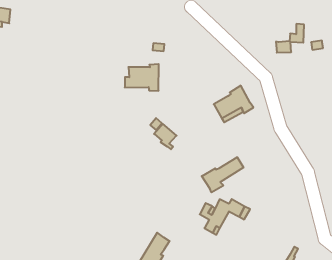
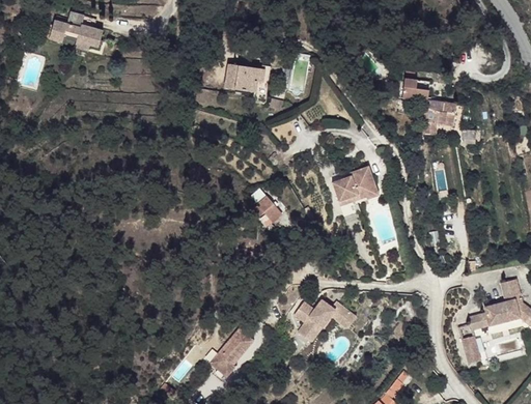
building: none -> [402,78,447,120]
building: [125,64,159,91] -> [225,63,271,97]
building: [202,157,243,192] -> none

